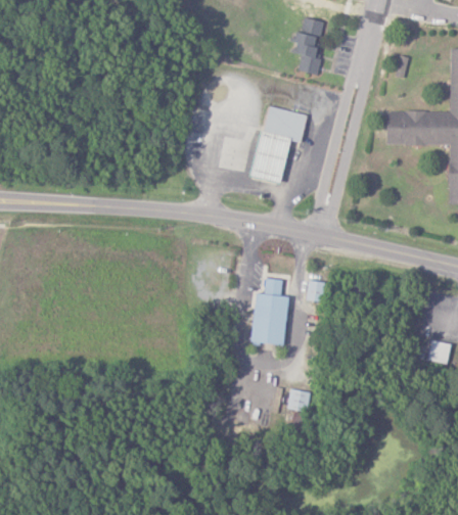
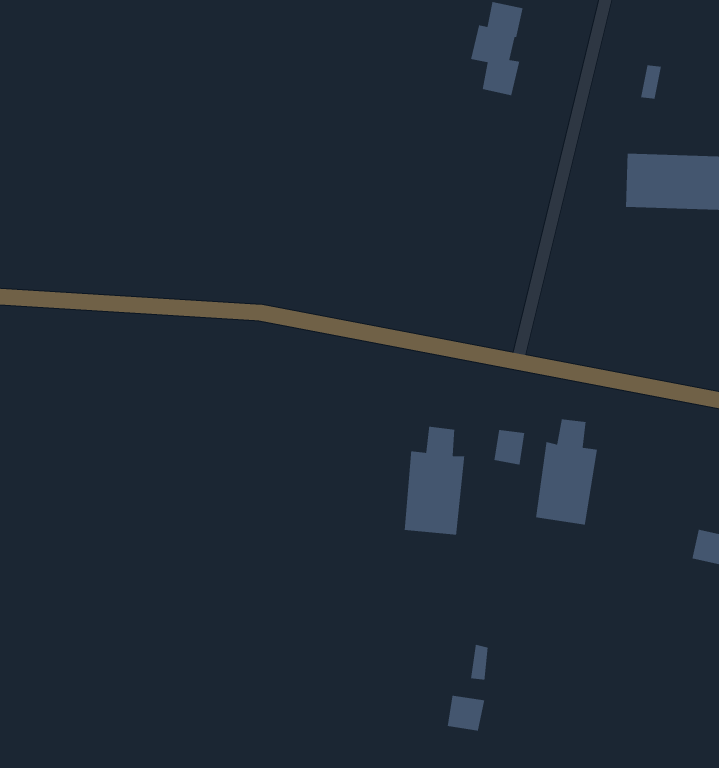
building: [251,105,309,183] -> none
building: none -> [535,418,598,525]
building: [288,388,312,411] -> [447,695,485,732]

